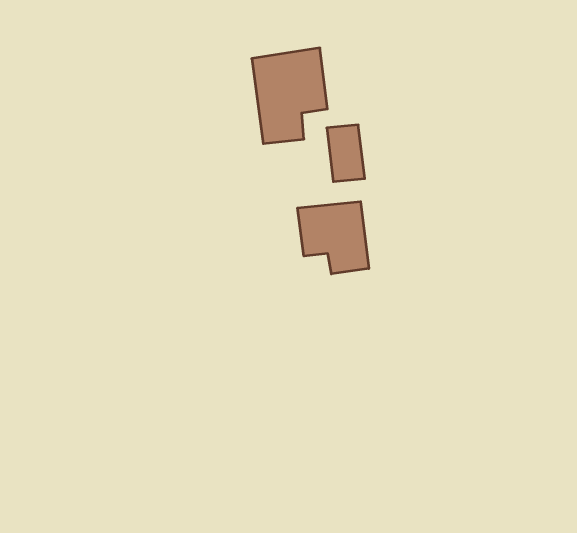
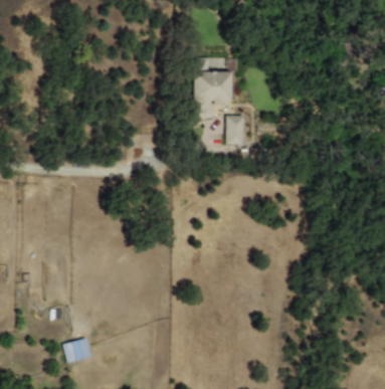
building: [298,202,369,274] -> none

